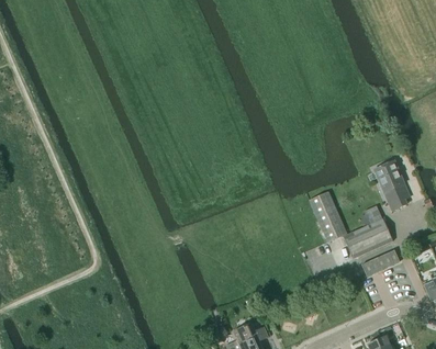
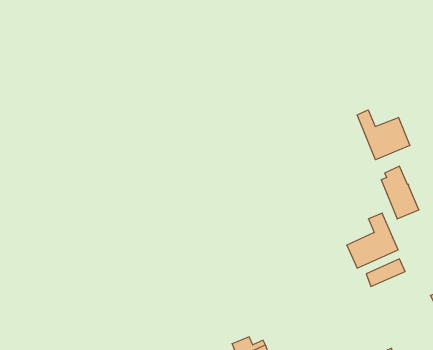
building: none -> [357,110,410,160]
building: [310,191,348,241] -> none

